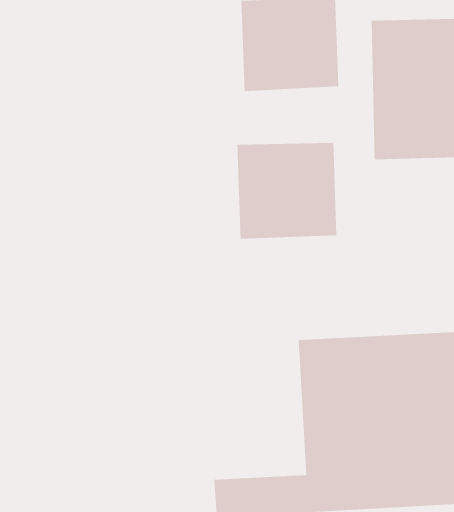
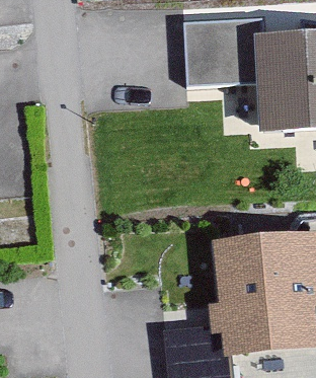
building: [236,142,337,239] -> none

